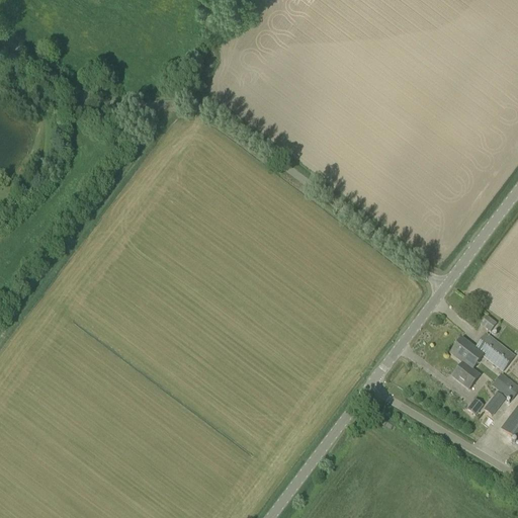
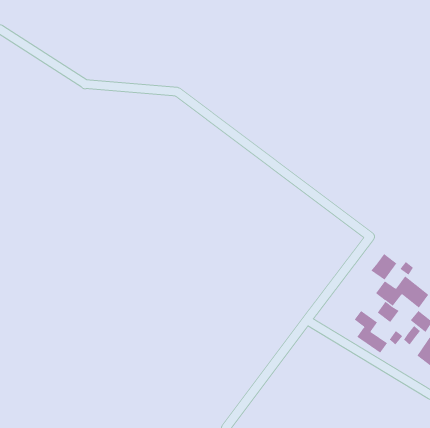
building: none -> [370,253,397,281]
building: none -> [354,310,388,353]

